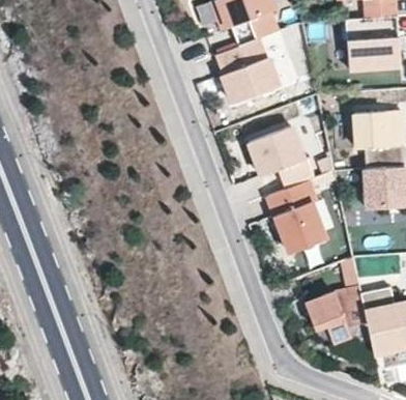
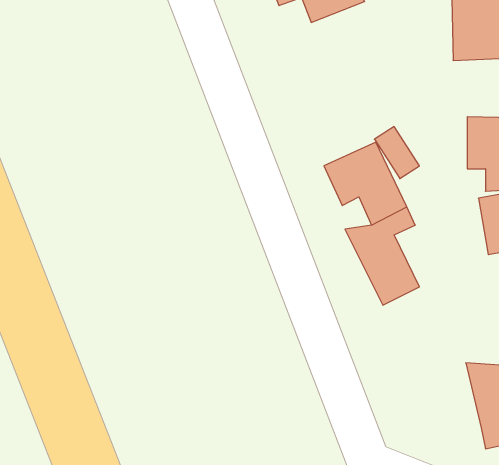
building: [214,46,273,103] -> none
building: [306,292,368,340] -> none

